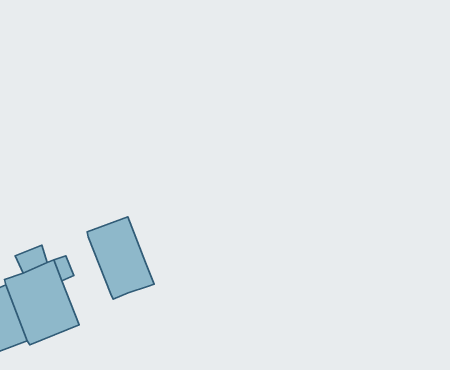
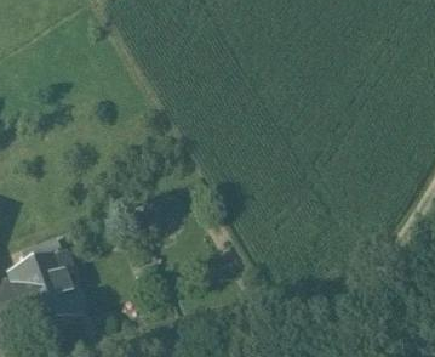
building: [87,217,154,299] -> none

